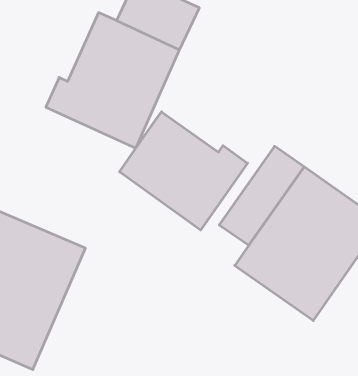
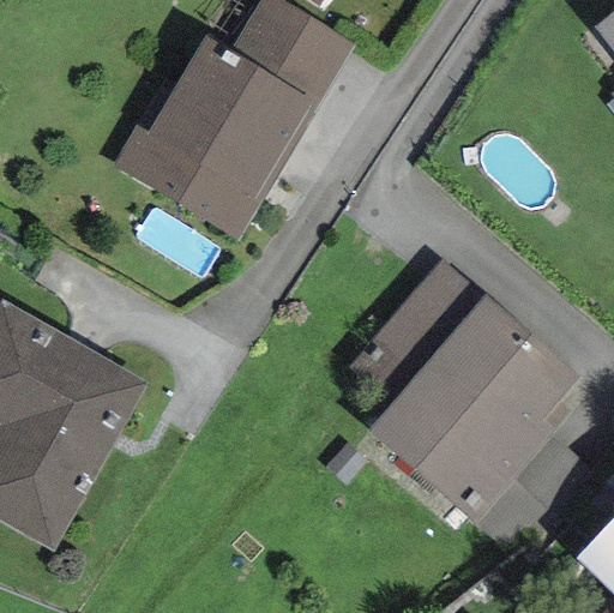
building: [120,112,248,230] -> none

